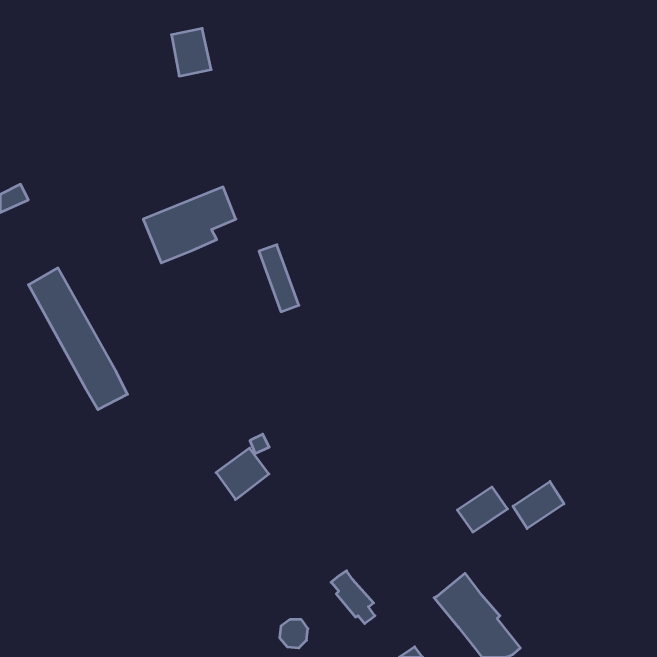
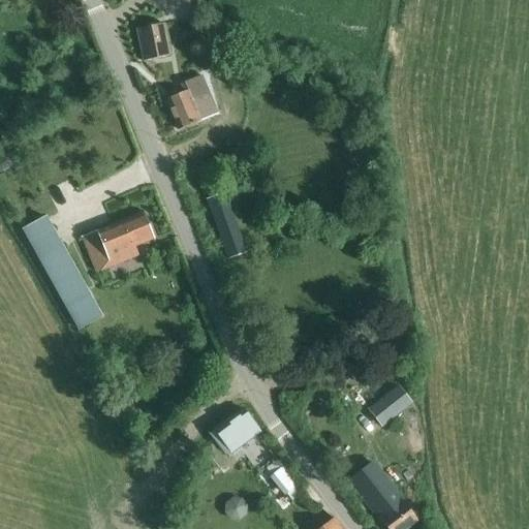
building: none -> [167,74,211,129]
building: [143,187,236,263] -> [81,212,155,273]
building: [216,448,269,500] -> [217,408,259,449]
building: [513,481,564,529] -> none

